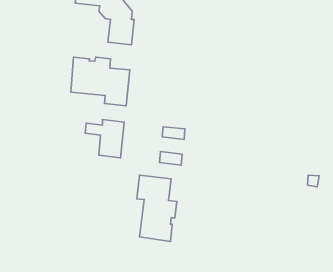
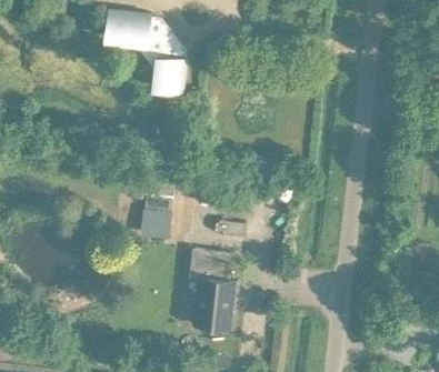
building: [71,57,130,106] -> none

